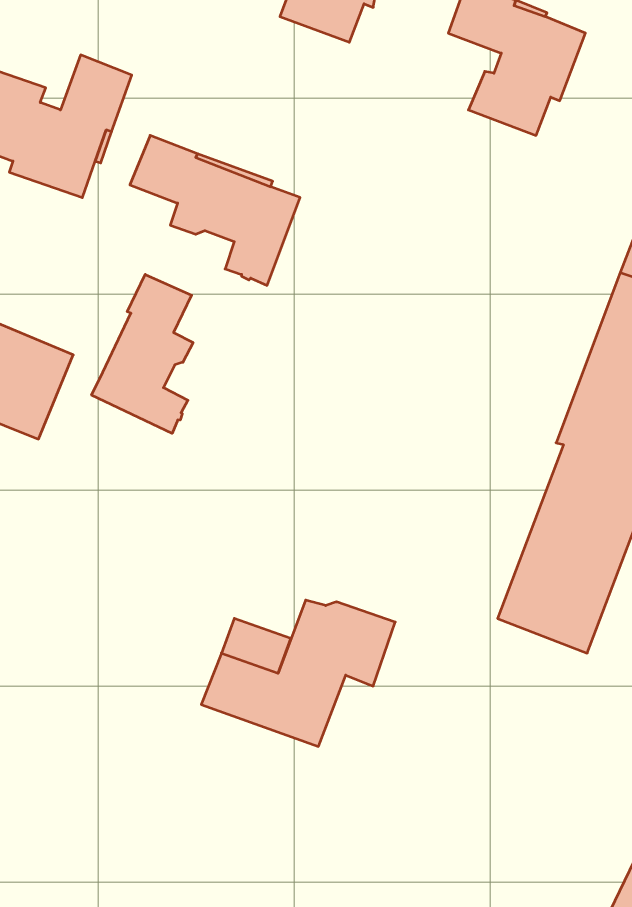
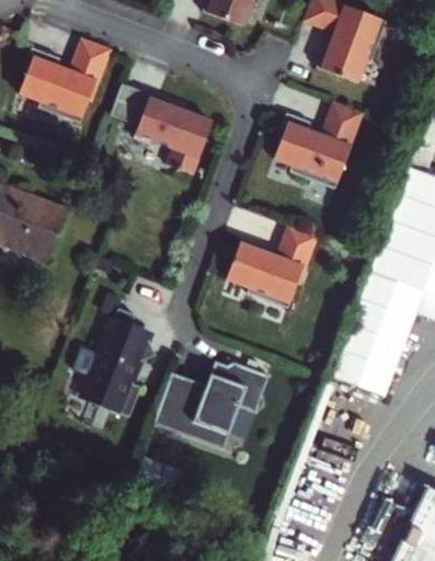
building: none -> [273,102,363,190]
building: [92,274,193,433] -> none
building: none -> [225,226,320,317]
building: none -> [87,311,158,420]

